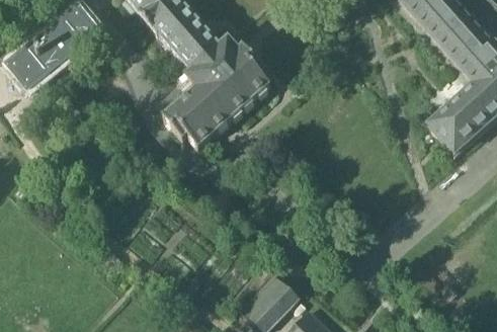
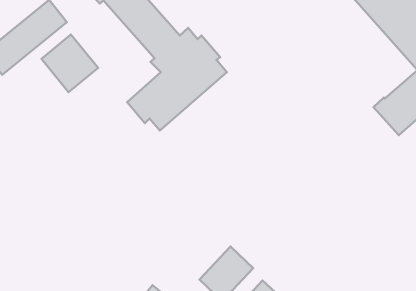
building: none -> [42,35,98,92]

